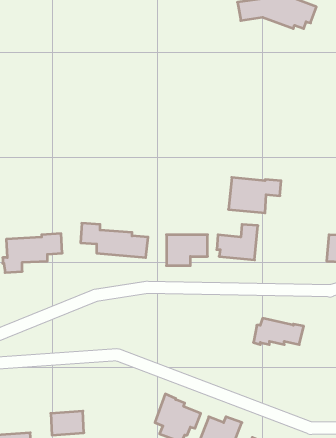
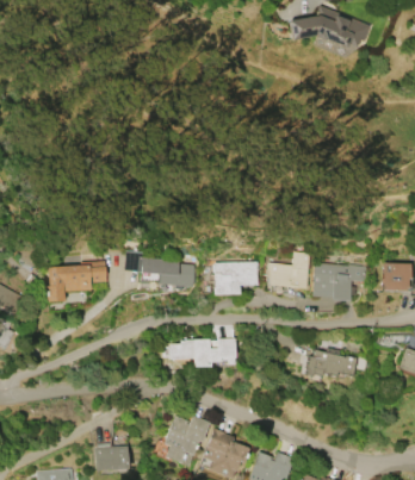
building: [228,177,281,213] -> [312,262,367,299]
building: none -> [168,338,236,367]
building: none -> [165,416,210,466]

